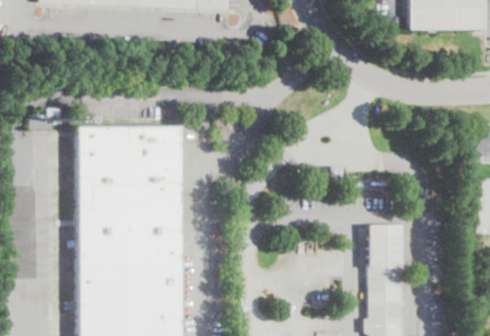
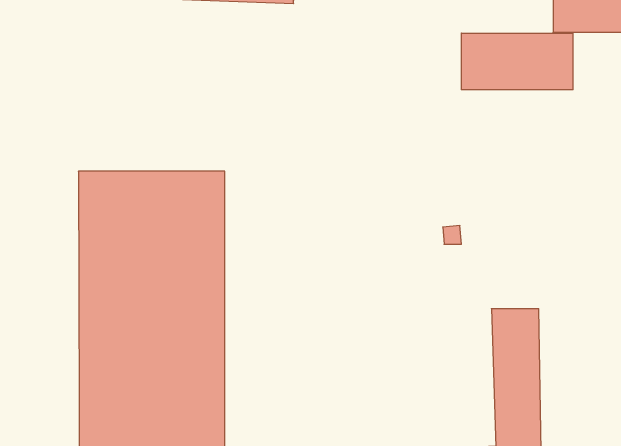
building: none -> [461,33,573,90]

